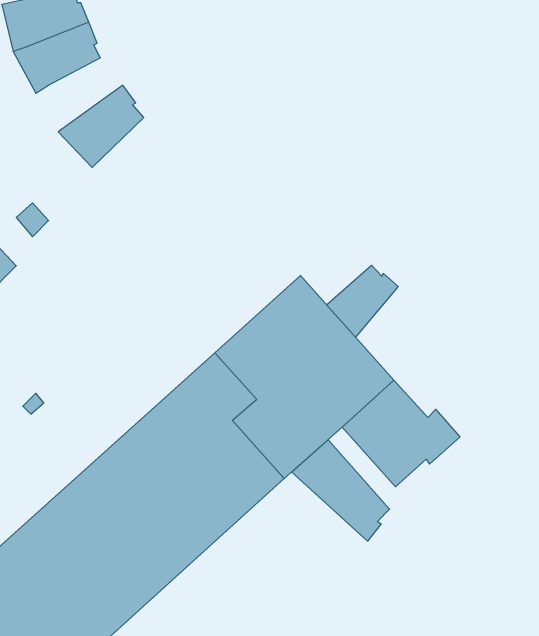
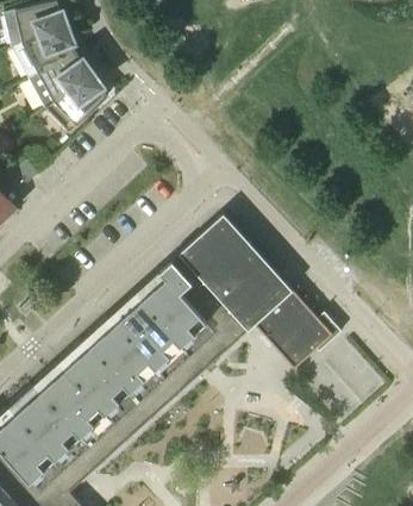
building: none -> [29,51,93,106]
building: [326,265,398,337] -> none
building: [292,440,390,541] -> none

